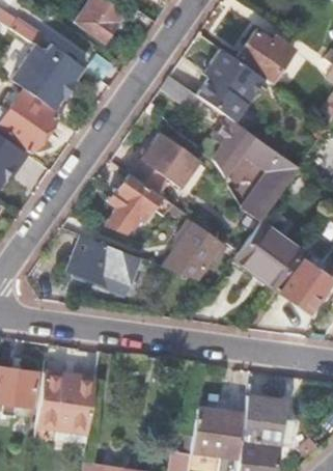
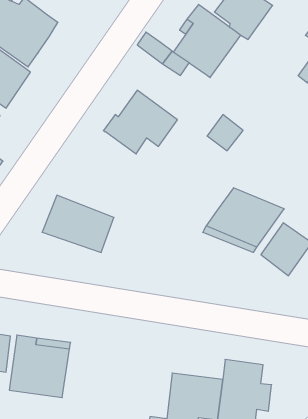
building: [214,116,299,219] -> none
building: [107,172,162,232] -> none
building: [175,221,223,269] -> none

